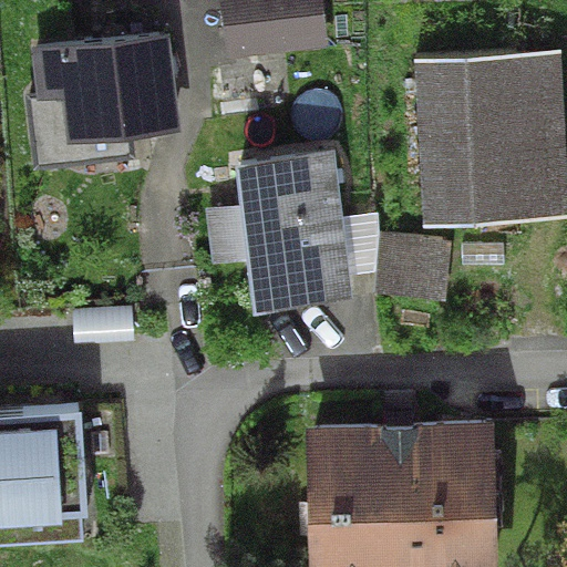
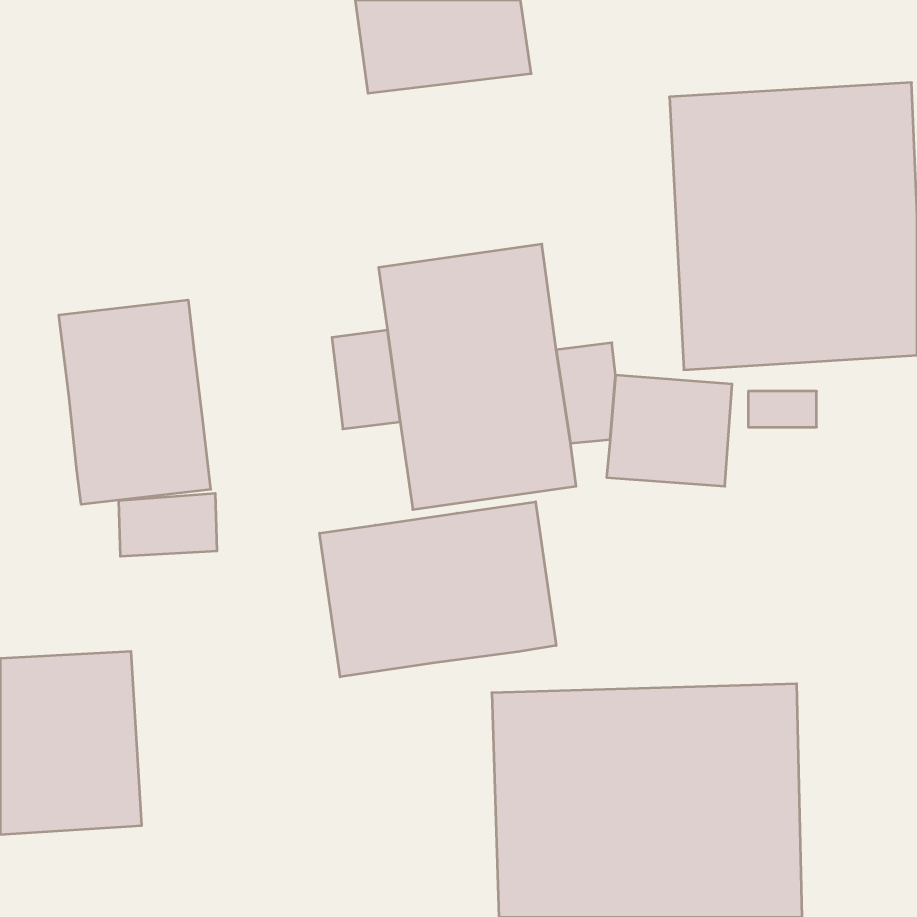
building: [24,31,184,168] -> none
building: none -> [59,300,211,504]
building: none -> [320,502,556,677]

